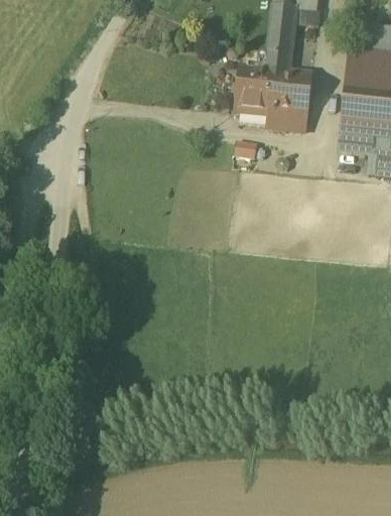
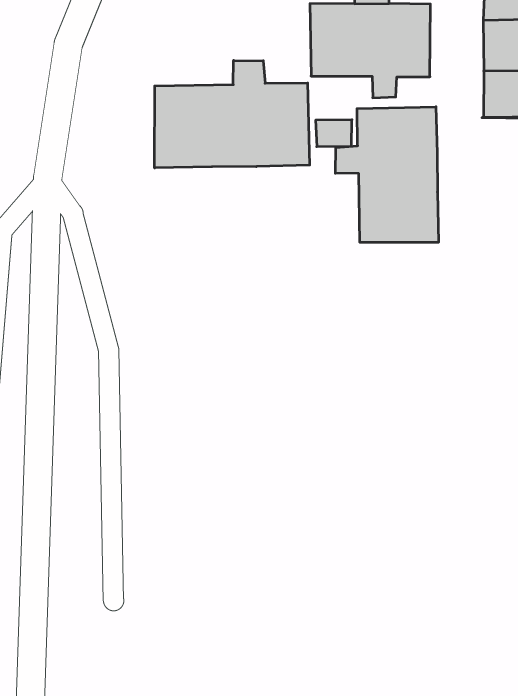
building: none -> [155,60,310,168]
building: none -> [335,107,438,242]

